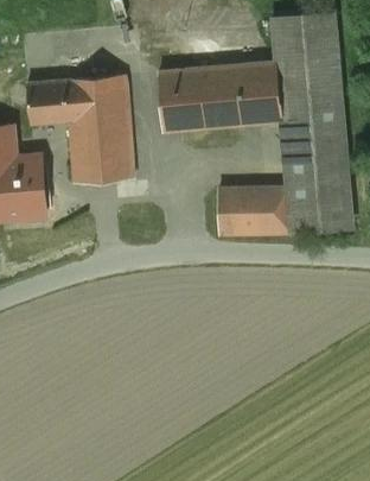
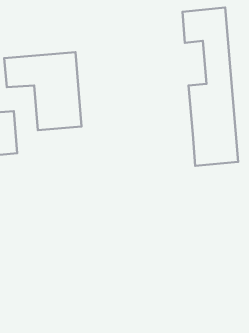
building: [159,58,307,131] -> none
building: [219,188,292,232] -> none

